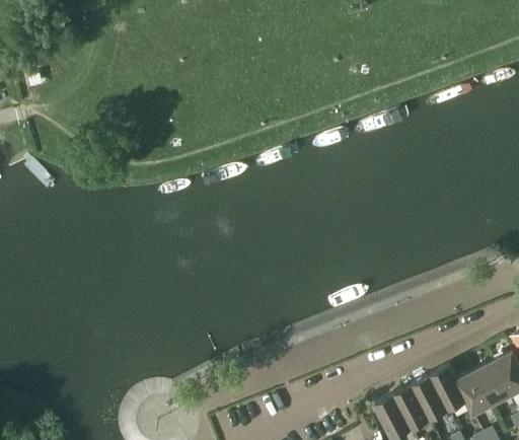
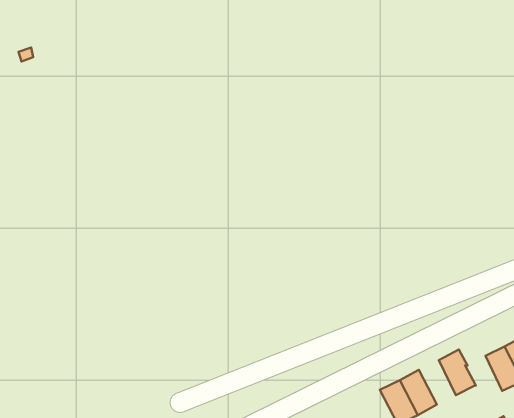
building: [456,371,492,415] -> none
building: [412,375,447,418] -> none

